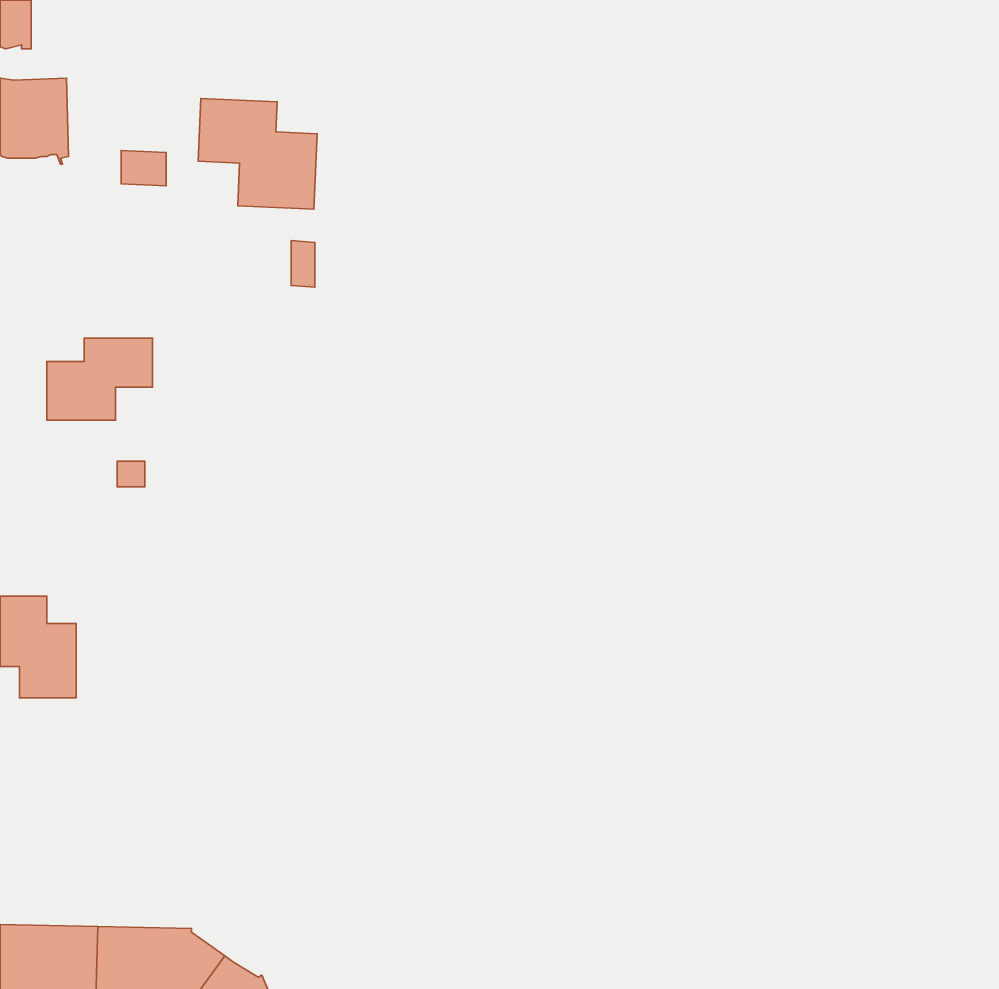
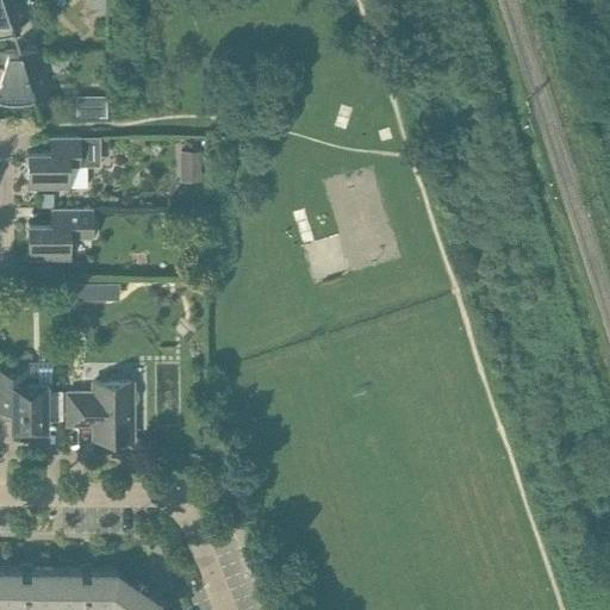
building: [198,98,317,209] -> none
building: none -> [29,139,88,191]
building: none -> [68,385,138,442]

